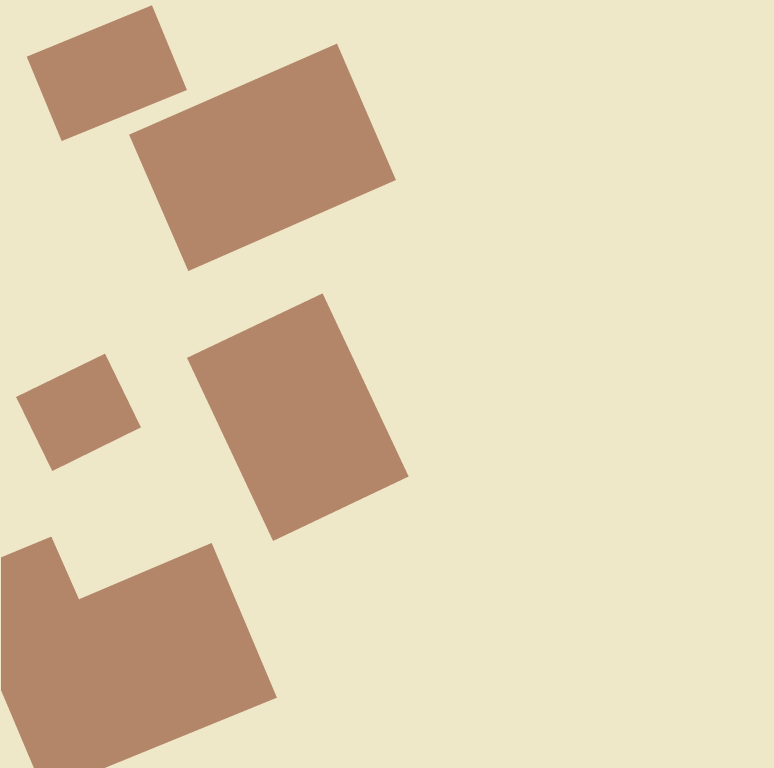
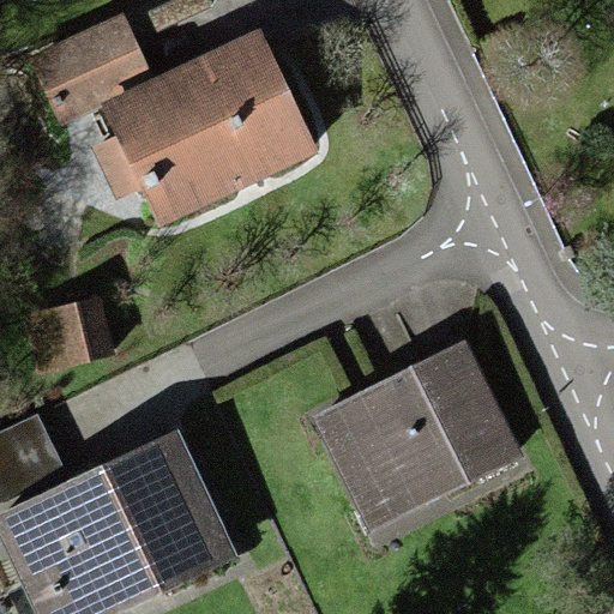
building: [186,293,410,542] -> none
building: none -> [321,348,519,526]

